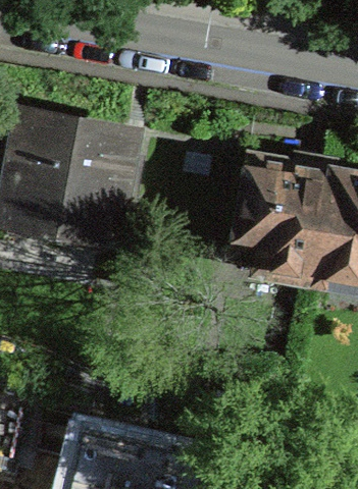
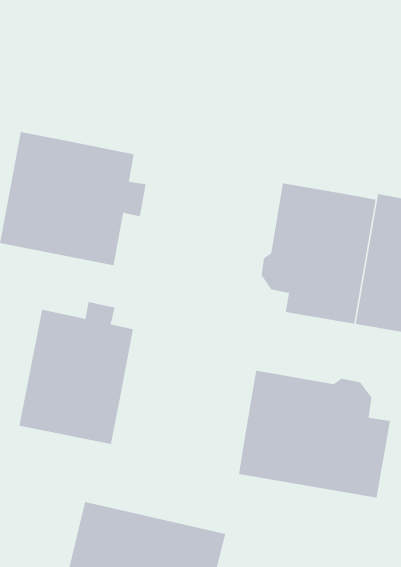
building: none -> [19,301,134,445]
building: none -> [238,370,391,499]

